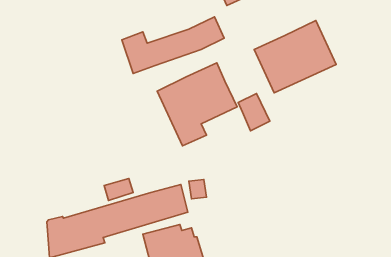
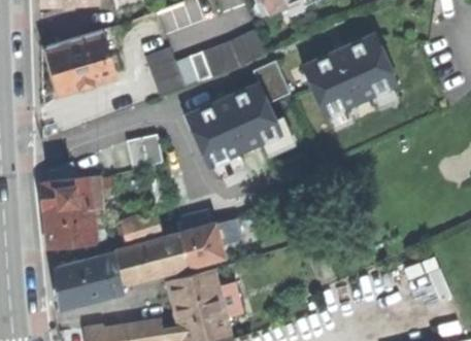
building: none -> [46,29,116,93]
building: [238,94,270,131] -> [251,60,289,103]
building: none -> [129,132,163,164]
building: none -> [43,176,102,247]

